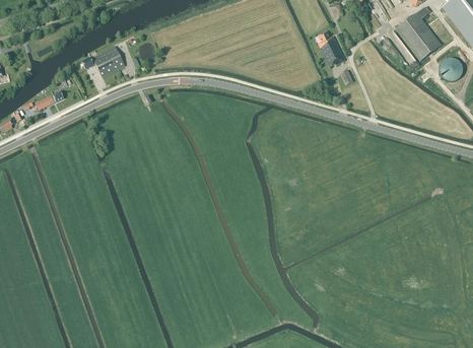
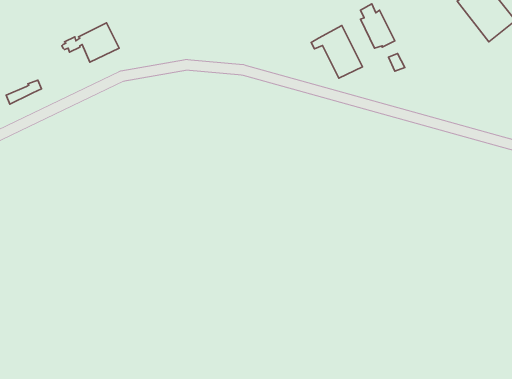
building: none -> [311,25,363,78]

